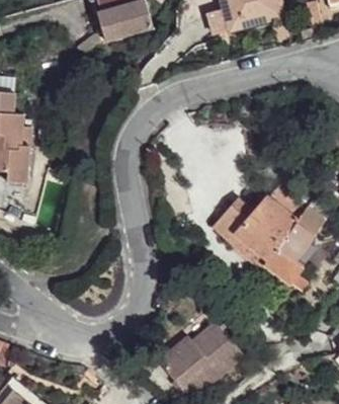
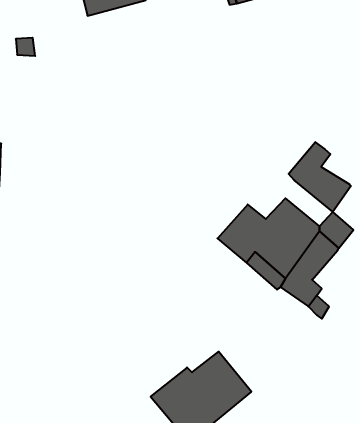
building: none -> [289,142,351,212]

